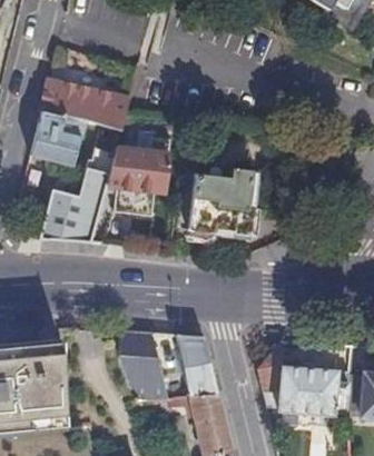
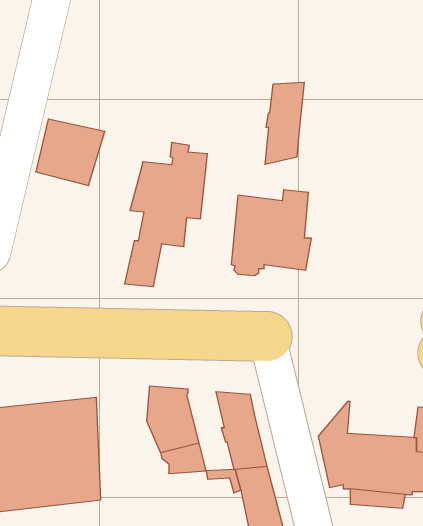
building: [40,83,128,132] -> none
building: none -> [265,82,304,165]
building: [38,143,116,245] -> none

